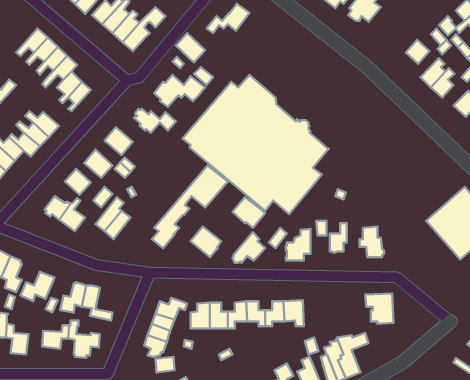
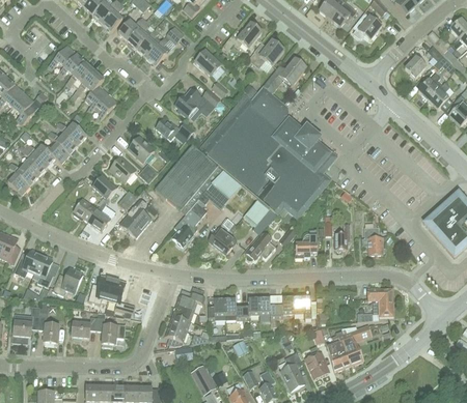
building: none -> [248,39,284,67]
building: none -> [264,57,306,92]
building: none -> [156,144,223,213]

